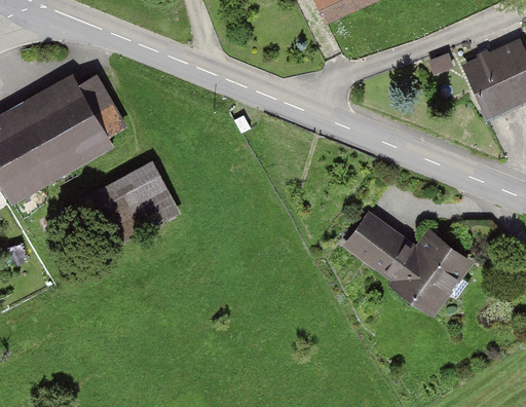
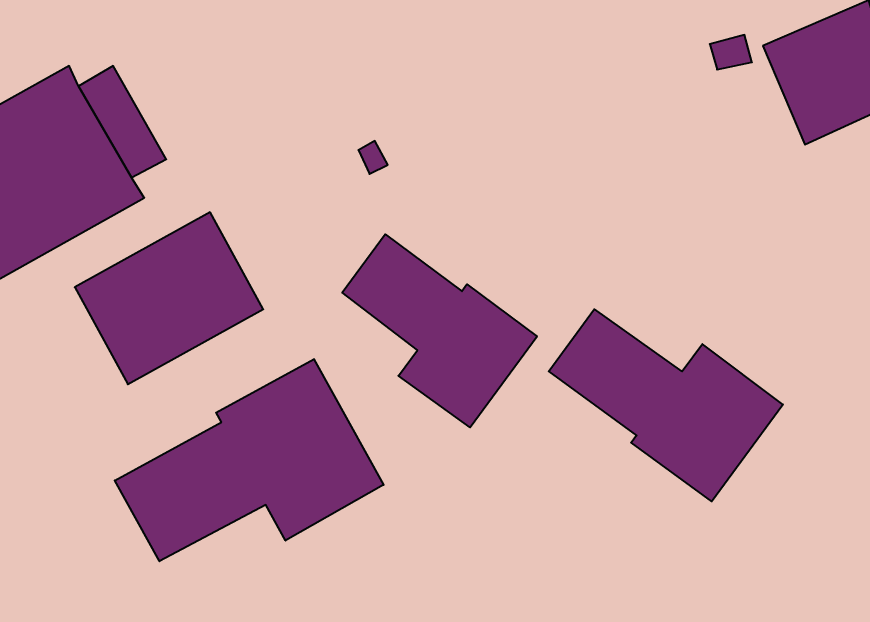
building: none -> [342,234,537,427]
building: none -> [115,359,384,561]

